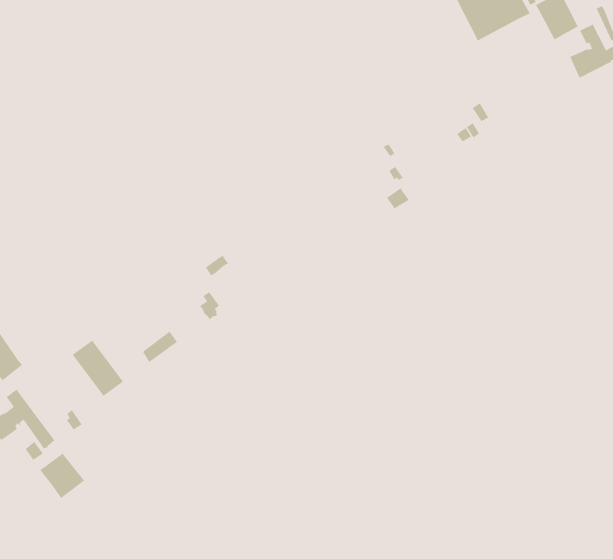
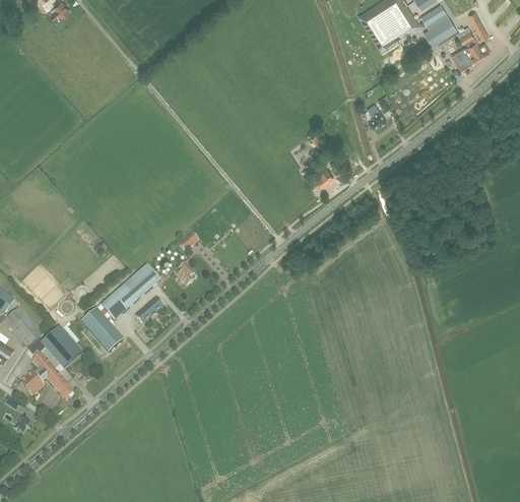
building: none -> [100,263,159,320]
building: none -> [41,326,80,367]
building: [40,453,85,499] -> none

